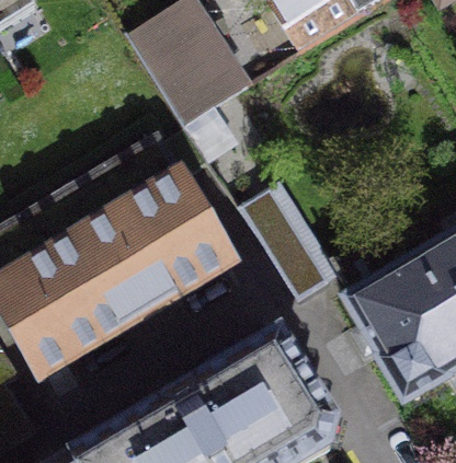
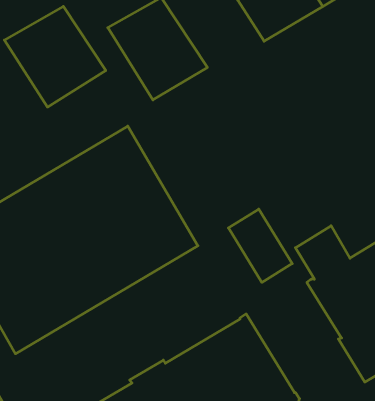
building: none -> [4,6,106,107]

